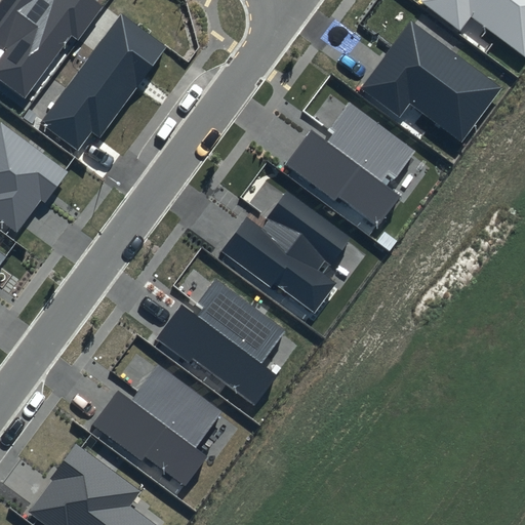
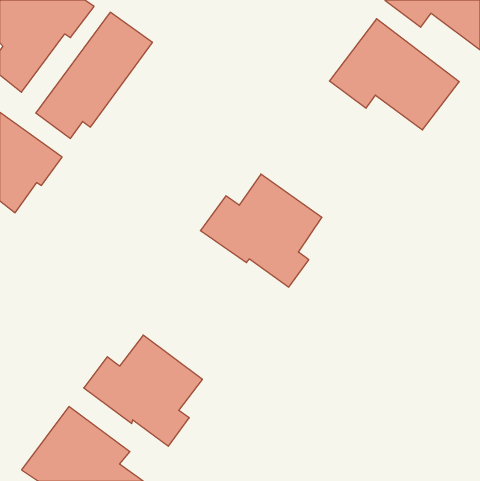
building: [284,103,414,227] -> none
building: [155,281,283,406] -> none

